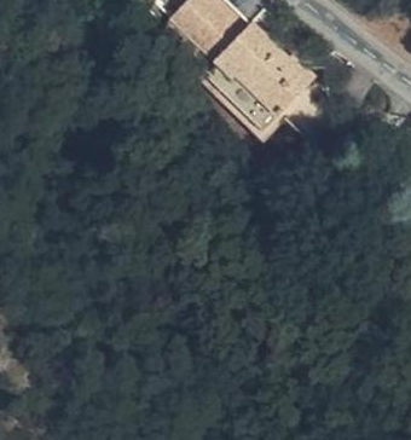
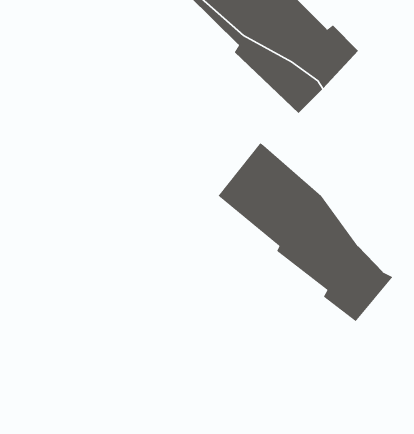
building: none -> [217,142,394,322]

